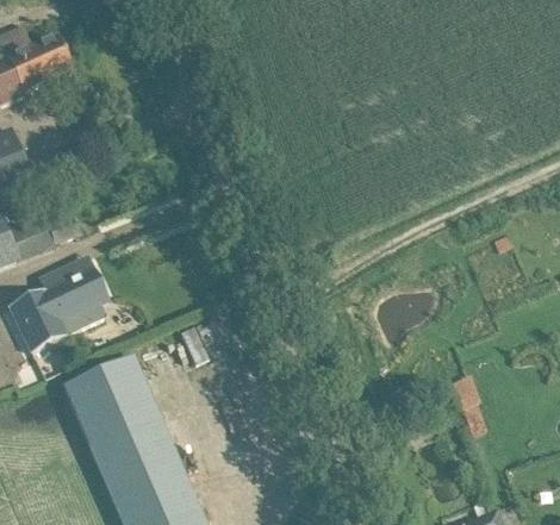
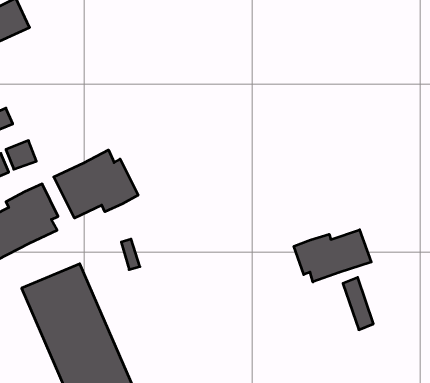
building: none -> [54,150,138,218]
building: none -> [294,230,371,282]

